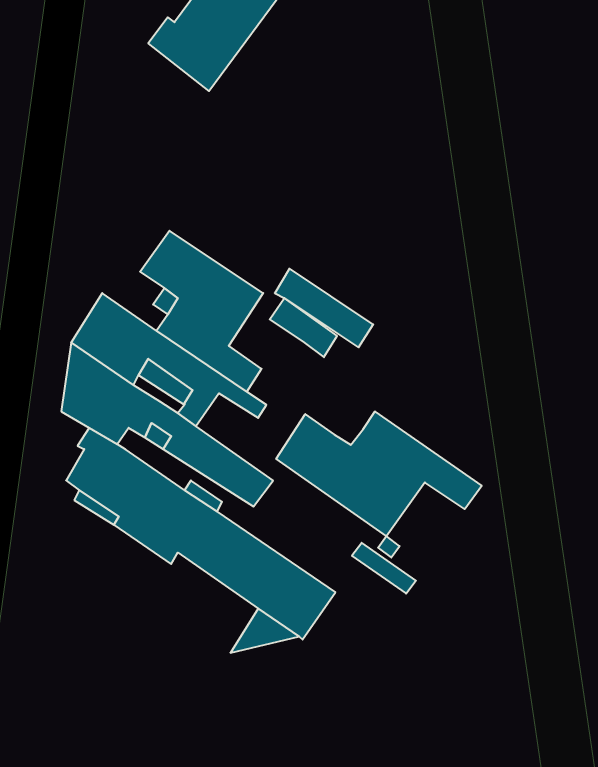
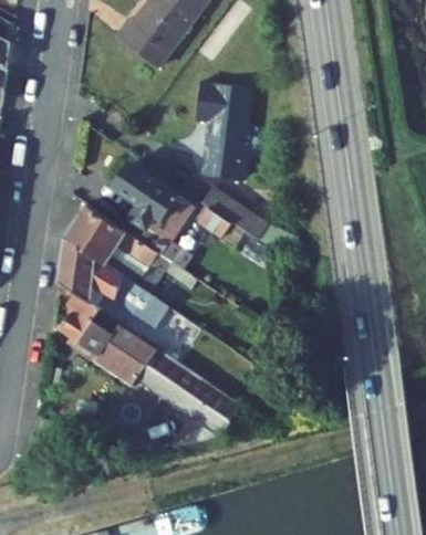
building: none -> [196,83,250,179]
building: [276,411,482,536] -> none

